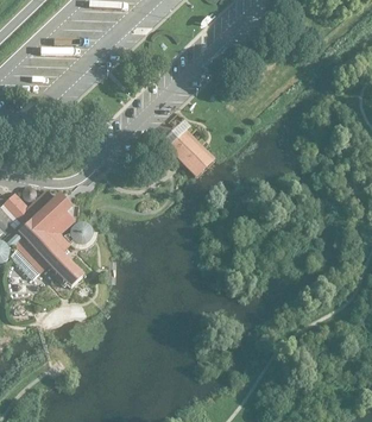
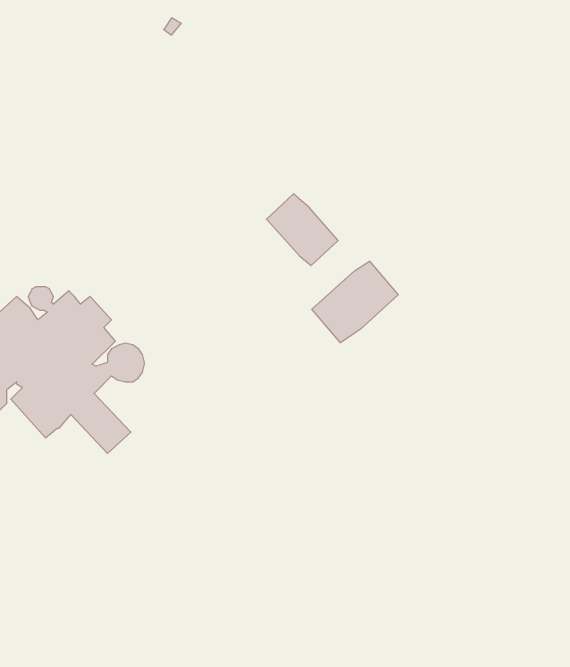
building: none -> [312,261,398,343]

